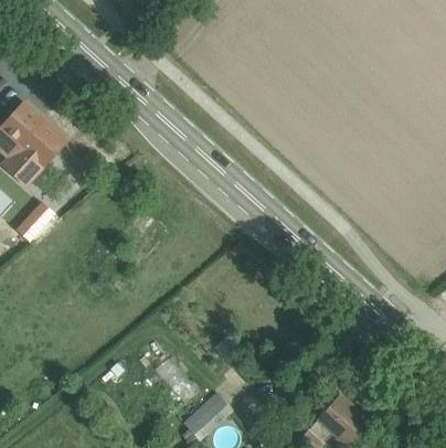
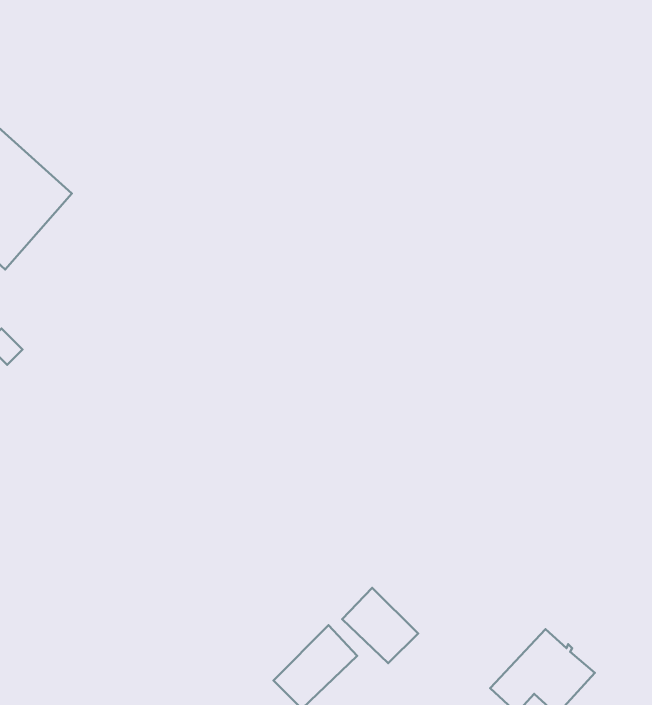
building: none -> [342,588,418,663]

